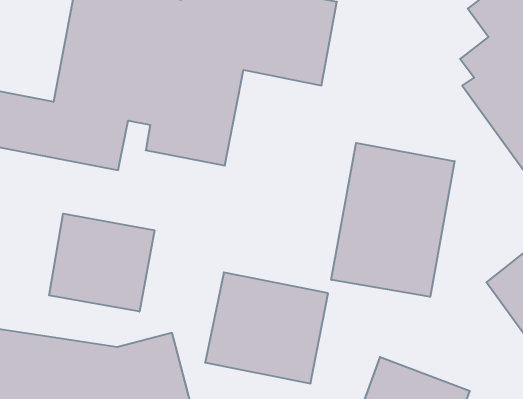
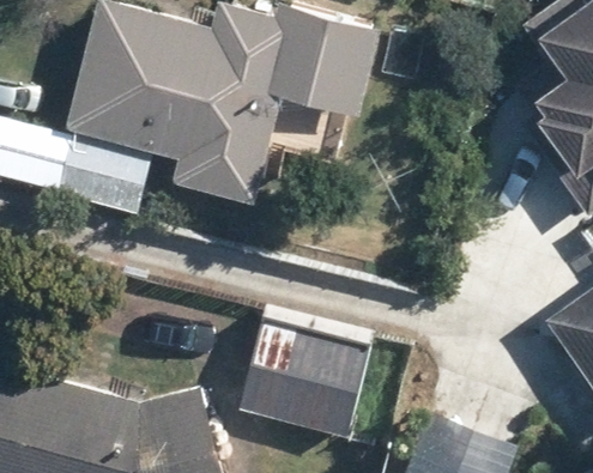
building: [331,143,455,297] -> none
building: [49,214,154,312] -> none

